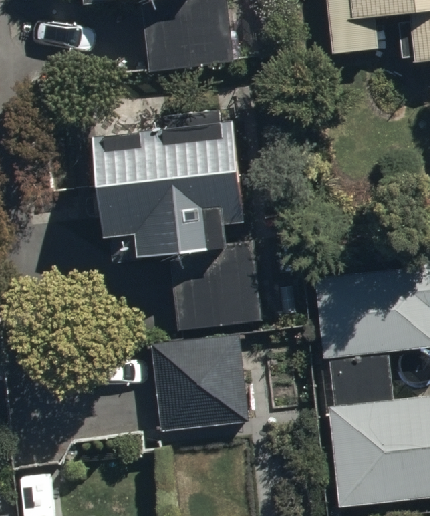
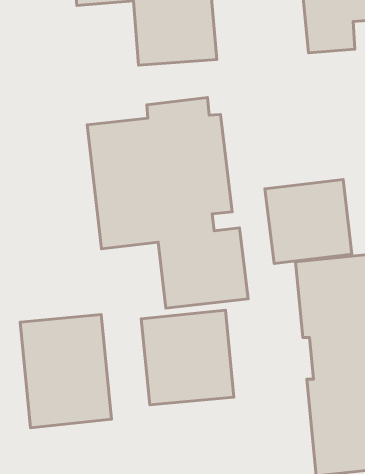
building: none -> [265,180,352,264]
building: none -> [20,315,111,428]

